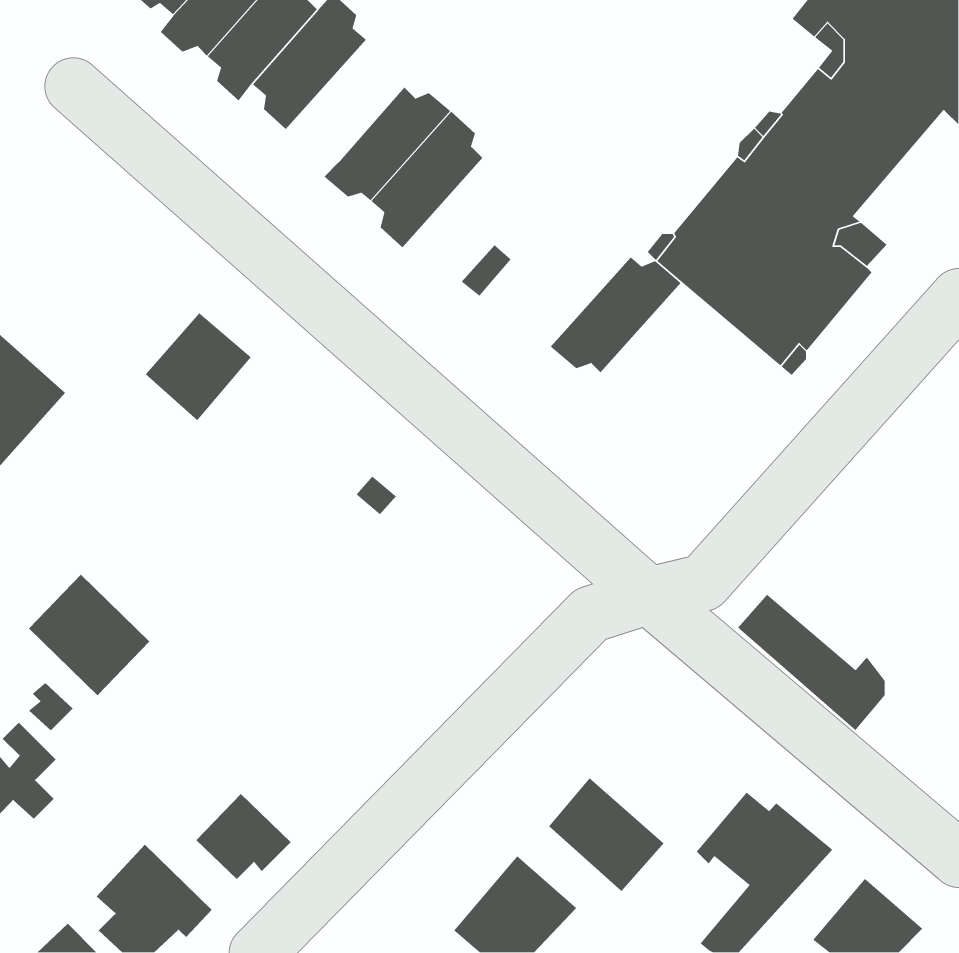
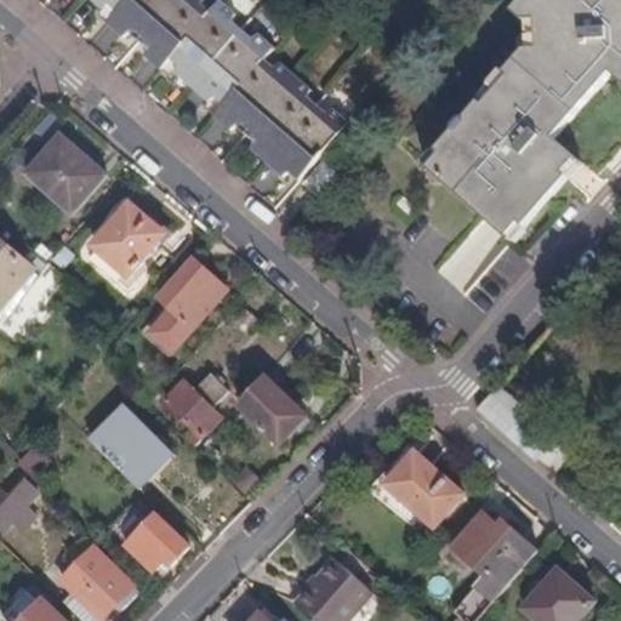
building: none -> [184,25,270,104]
building: none -> [27,130,107,209]
building: [550,257,681,373] -> [260,102,344,177]
building: none -> [142,257,227,349]
building: [28,574,150,696] -> [91,405,170,484]
building: none -> [164,372,228,443]
building: none -> [235,372,304,439]
building: [548,777,665,892] -> [387,449,462,523]

